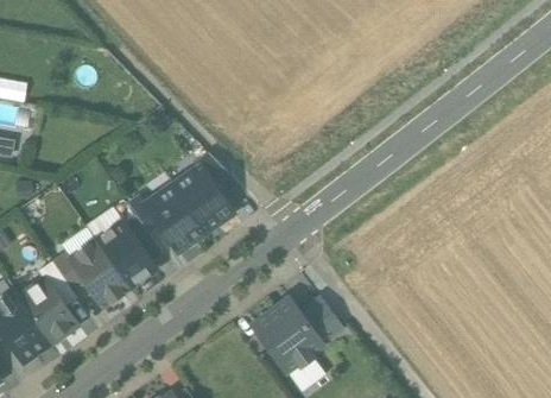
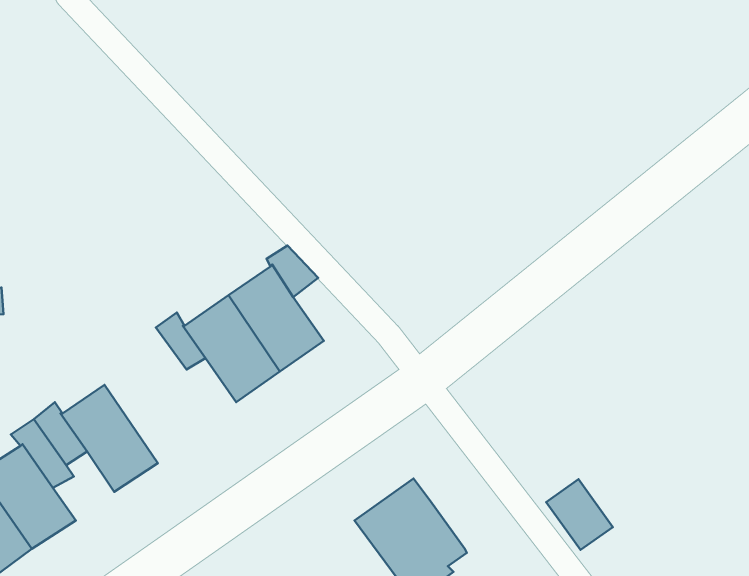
building: [96,222,154,289] -> none
building: [299,298,341,342] -> [546,479,613,550]

